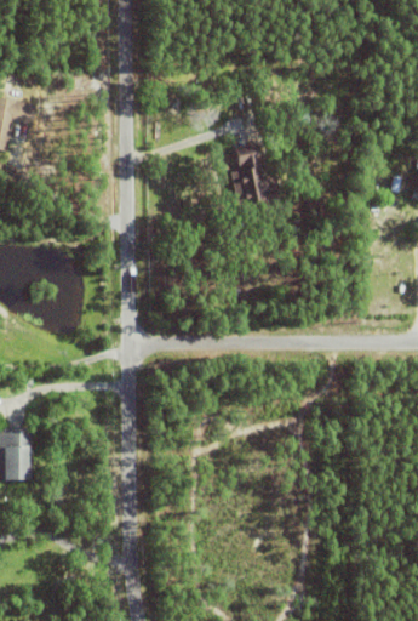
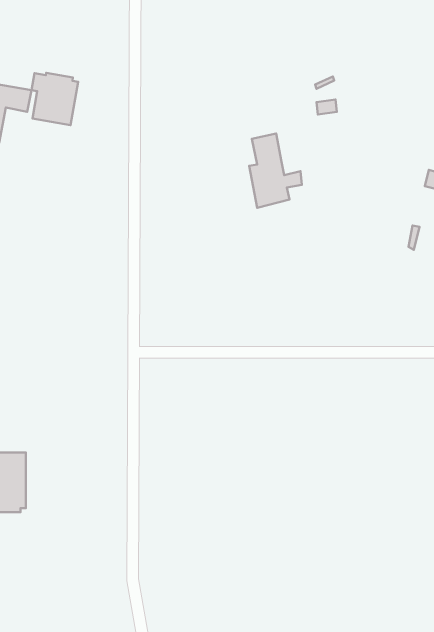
building: none -> [32,73,78,125]

